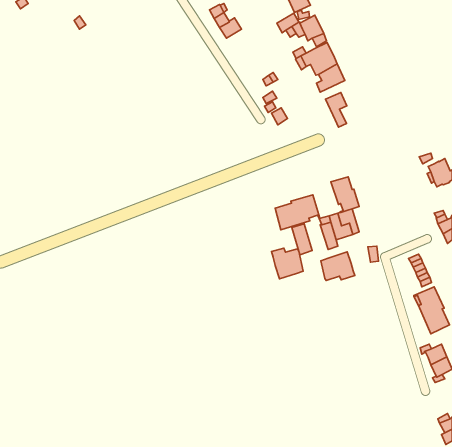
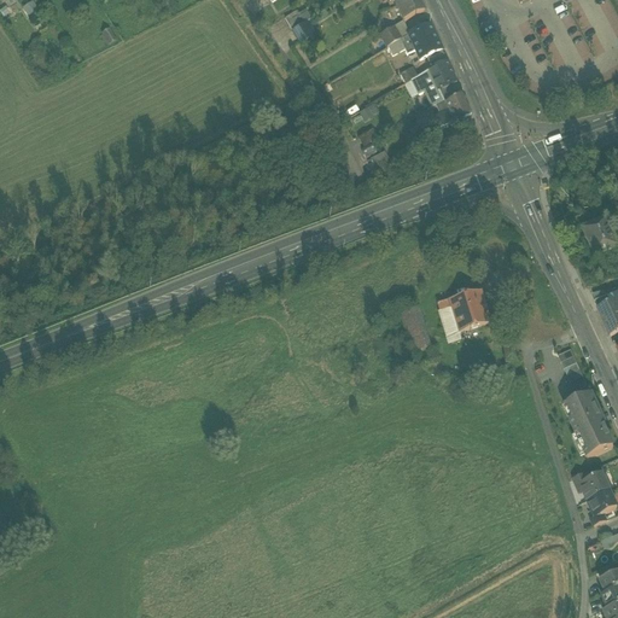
building: [326,92,347,127] -> none
building: [331,177,359,212] -> none
building: [275,195,320,230] -> none
building: [272,248,303,279] -> none
building: [321,252,355,281] -> none

